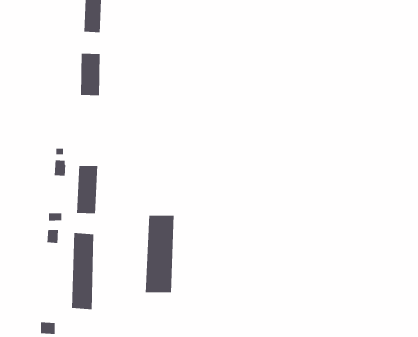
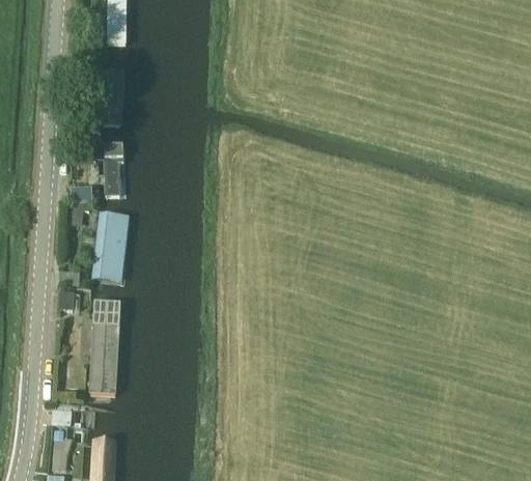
building: none -> [97,147,123,196]
building: [145,215,175,293] -> none

